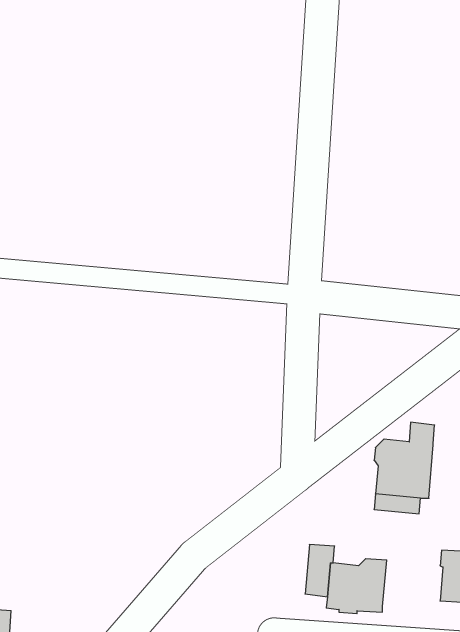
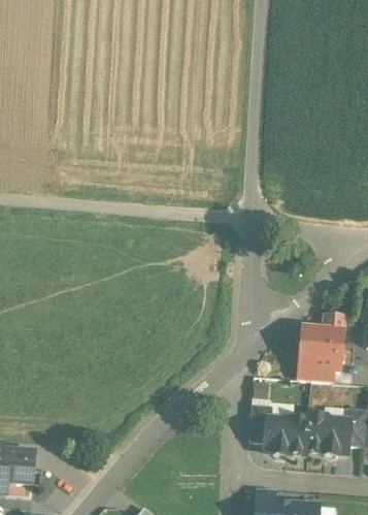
building: none -> [306,411,350,454]

